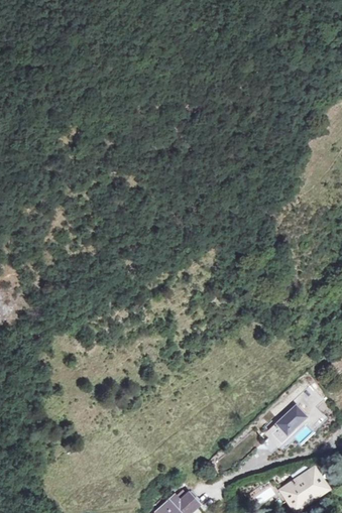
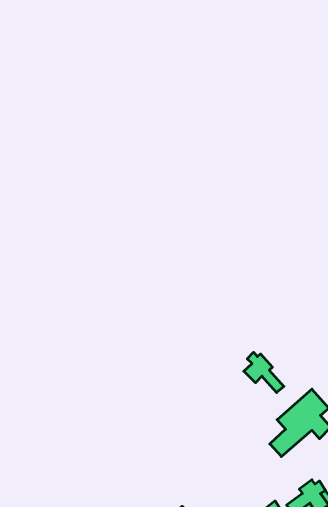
building: none -> [244,352,284,393]

